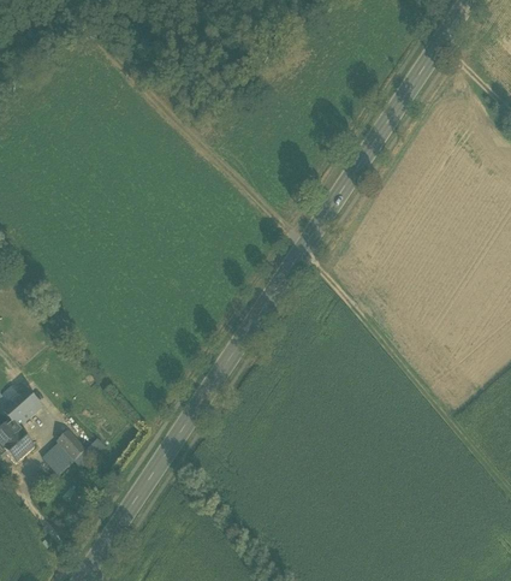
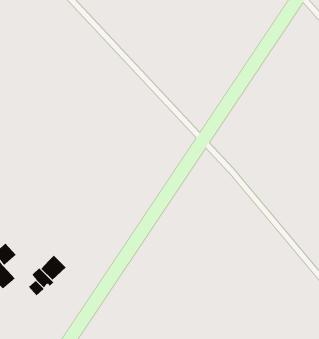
building: none -> [41,255,66,281]

